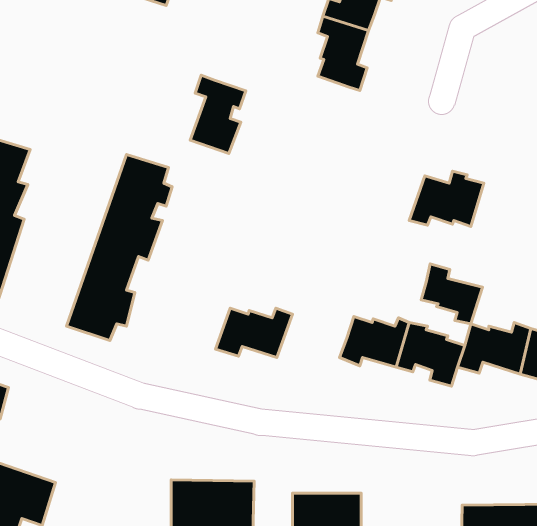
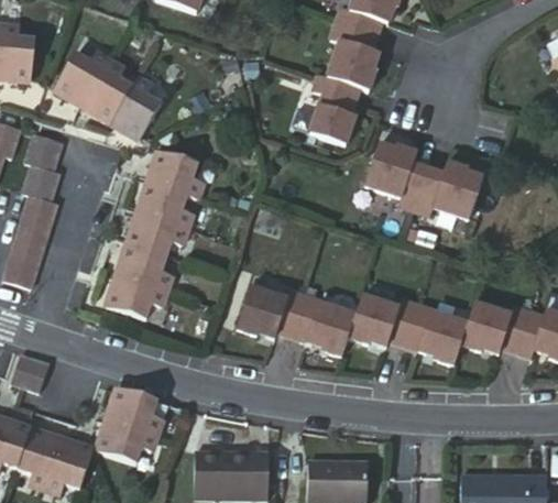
building: none -> [48,51,156,140]
building: [190,75,246,153] -> [308,74,359,145]
building: none -> [365,144,428,210]
building: [421,264,483,324] -> none
building: none -> [293,296,357,357]
building: none -> [95,387,162,468]

